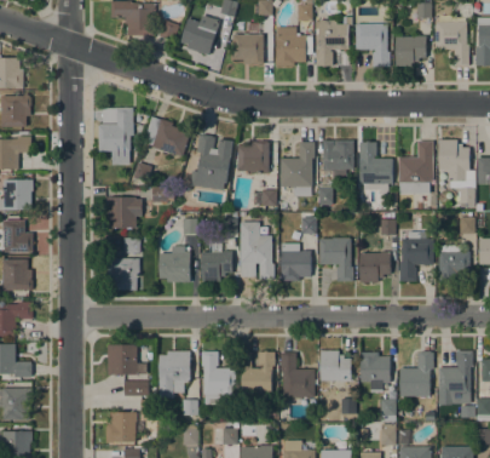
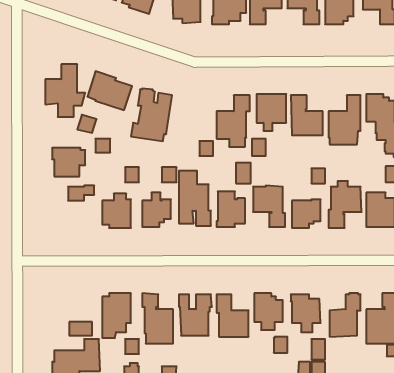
building: [237,141,269,172] -> none
building: [109,257,139,290] -> none
building: [106,344,145,374] -> none

